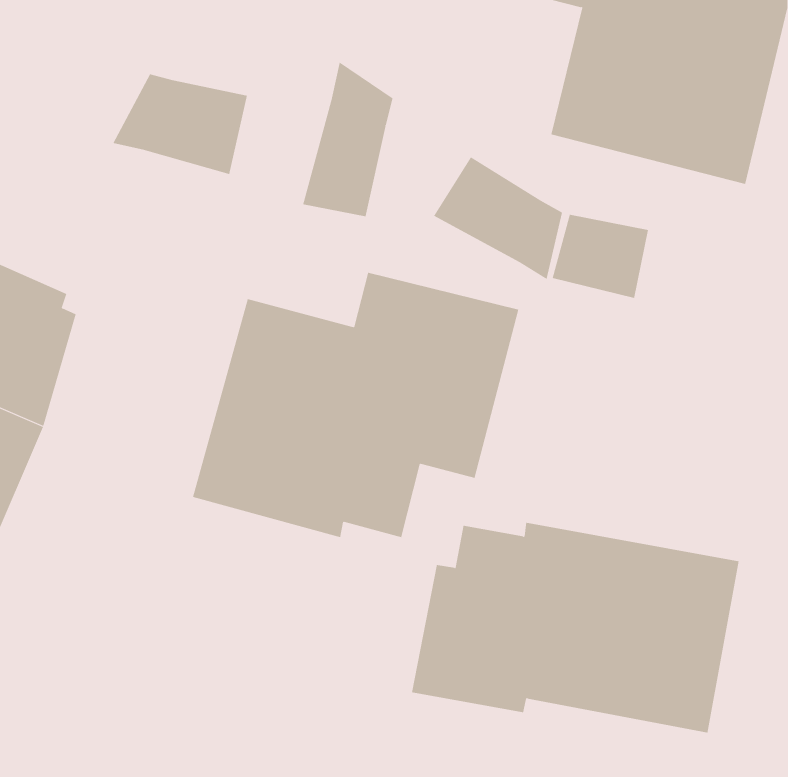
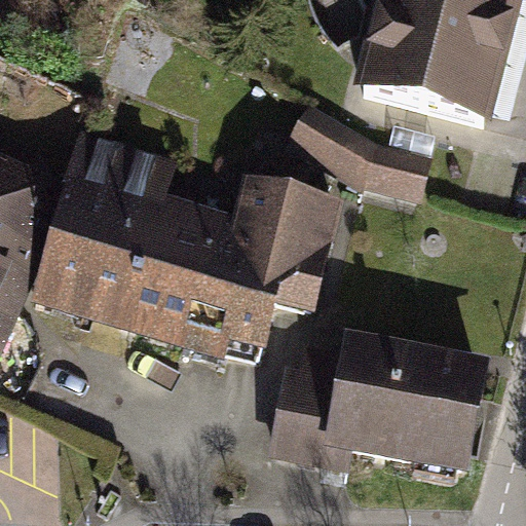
building: [302,61,393,217] -> none
building: [113,74,248,175] -> none
building: none -> [36,130,173,327]

